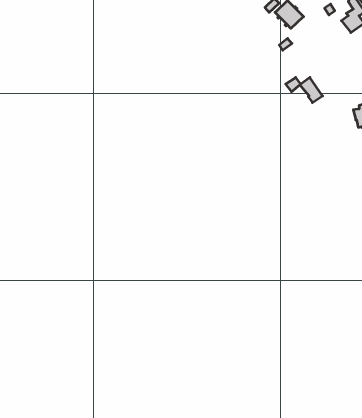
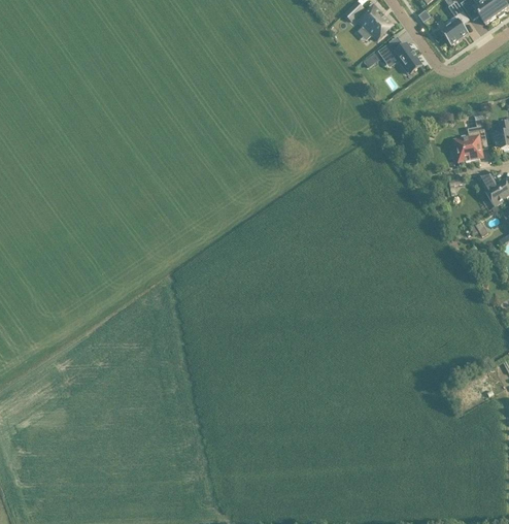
building: [286,77,323,103] -> [377,42,422,73]

